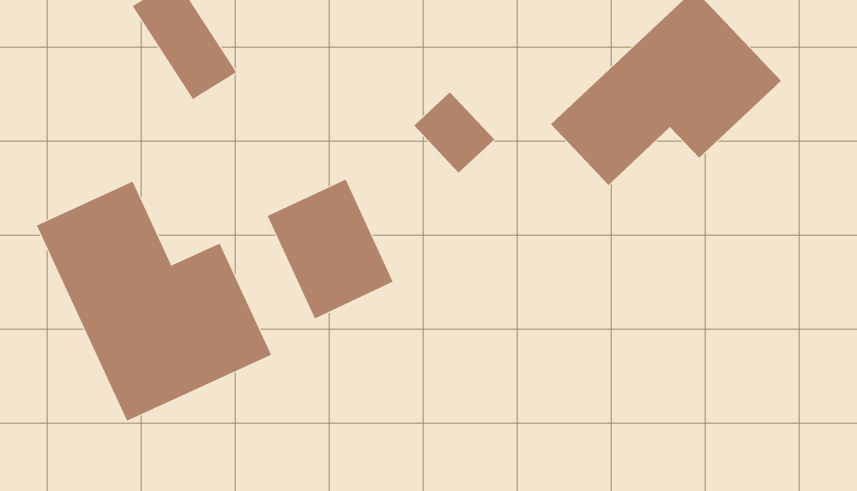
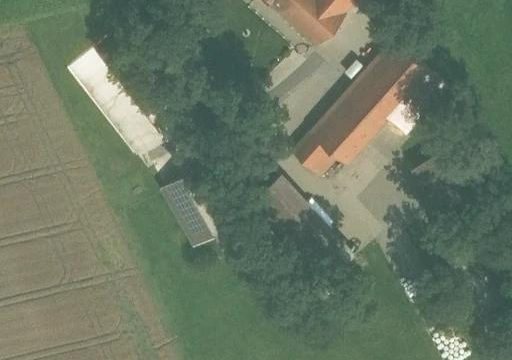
building: [413,92,495,174] -> [291,132,338,178]
building: [36,181,272,422] -> none

